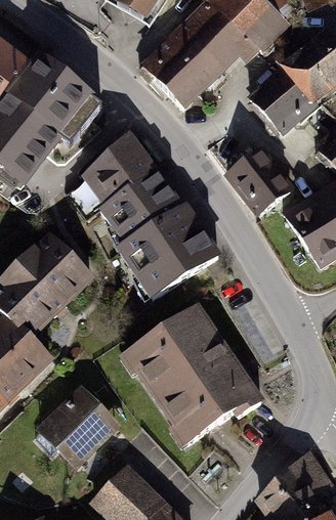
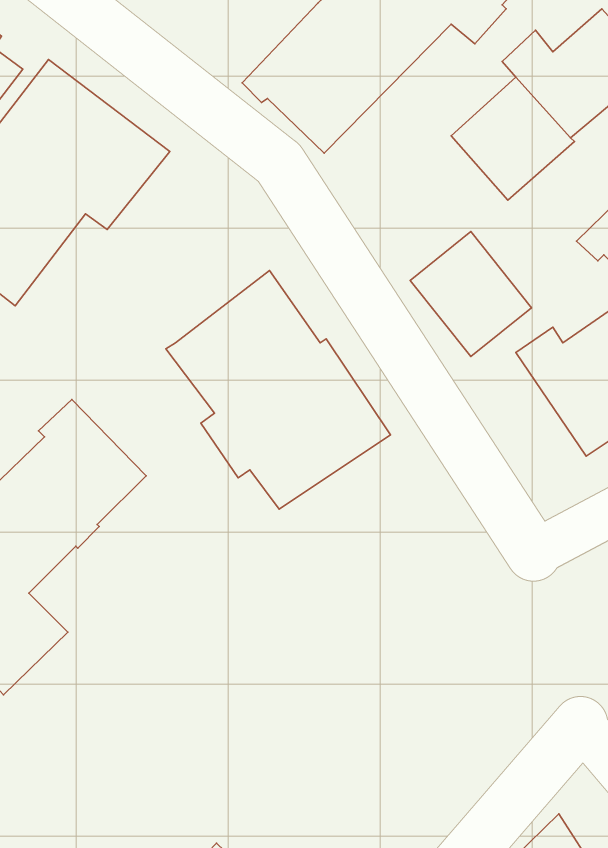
building: [87,133,155,206] -> none
building: [127,306,260,442] -> none
building: [36,388,110,461] -> none

